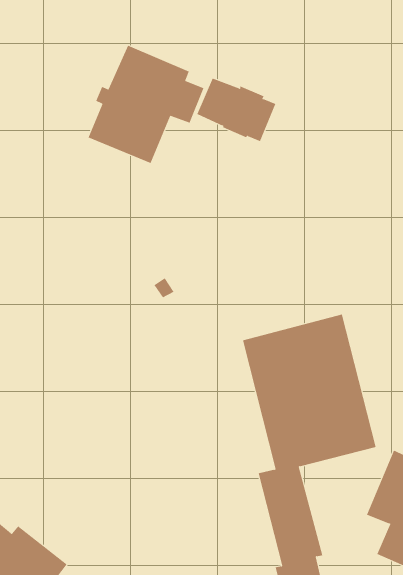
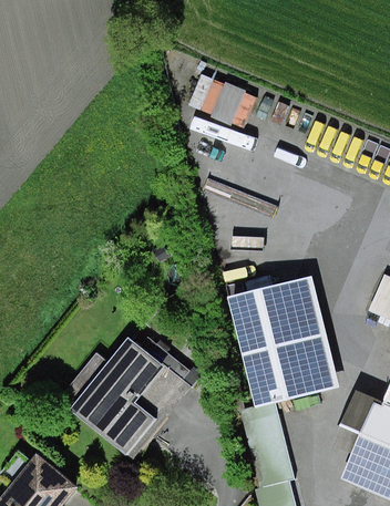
building: [88,45,204,164] -> none
building: none -> [59,337,192,458]

